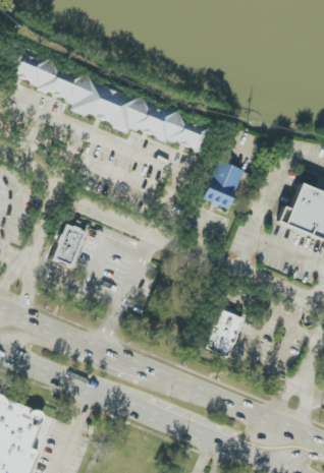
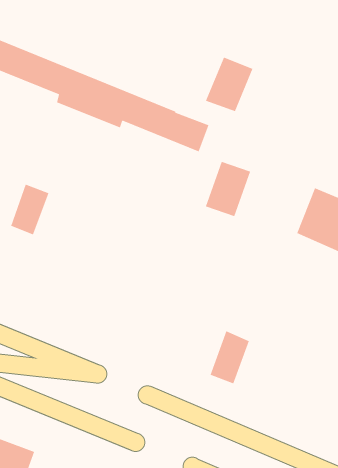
building: none -> [205,56,253,112]
building: [53,223,88,269] -> [10,184,50,236]

